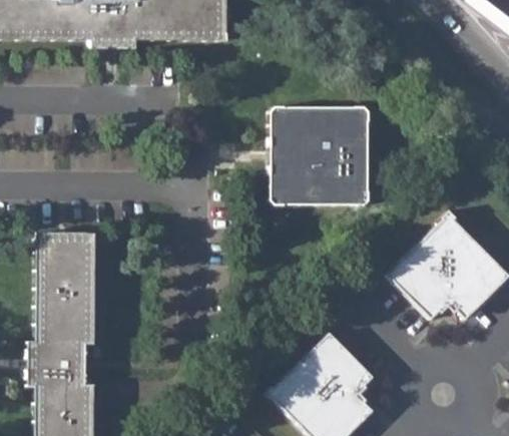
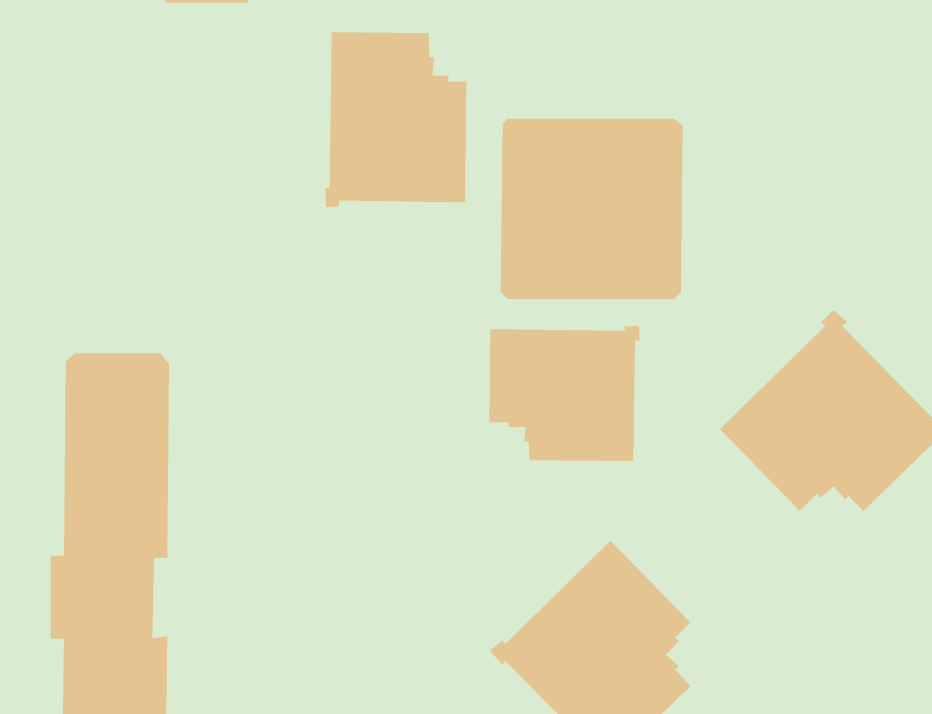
building: none -> [324,31,467,208]
building: none -> [488,325,641,462]

